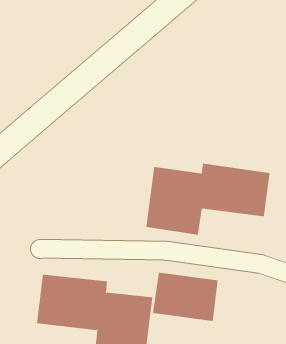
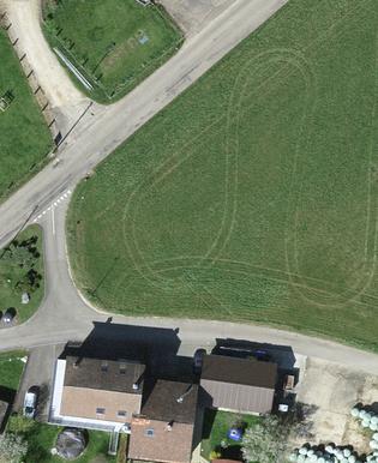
building: [146,163,270,235] -> none

